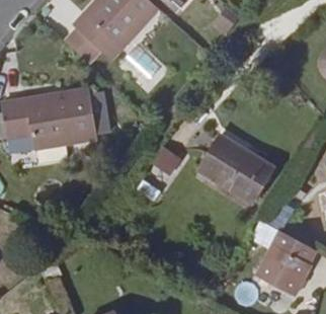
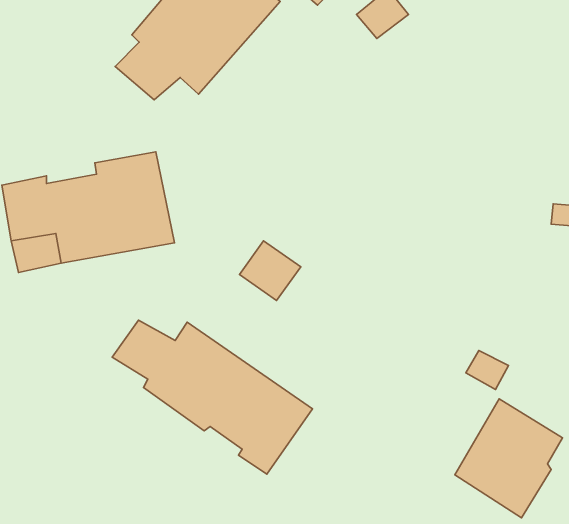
building: [199,126,275,204] -> none
building: none -> [112,320,313,474]

